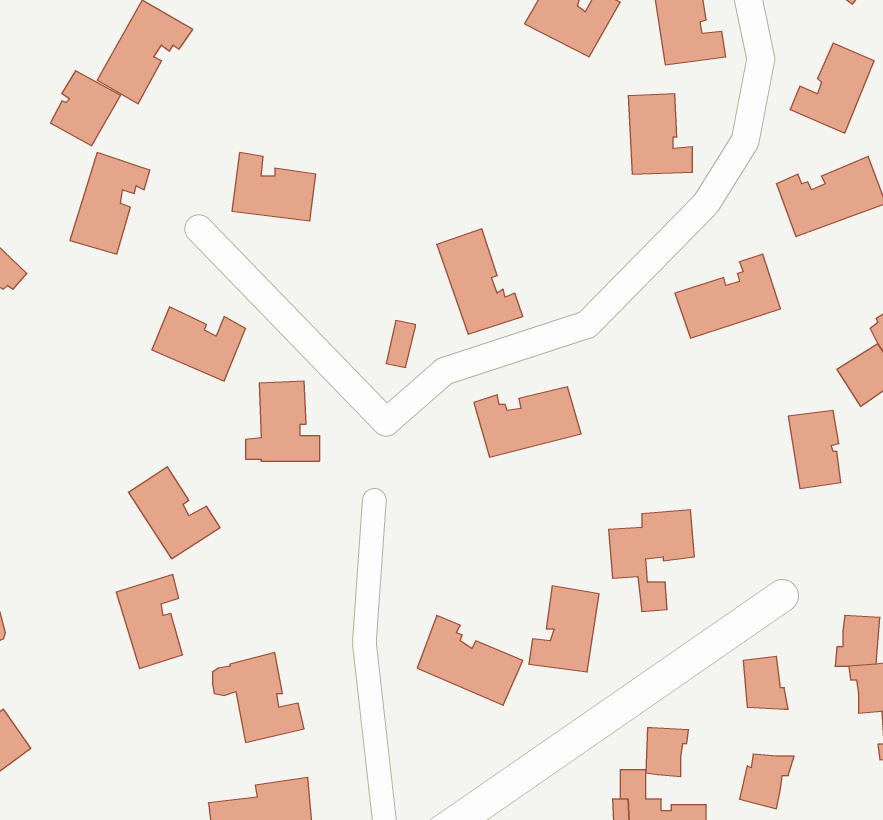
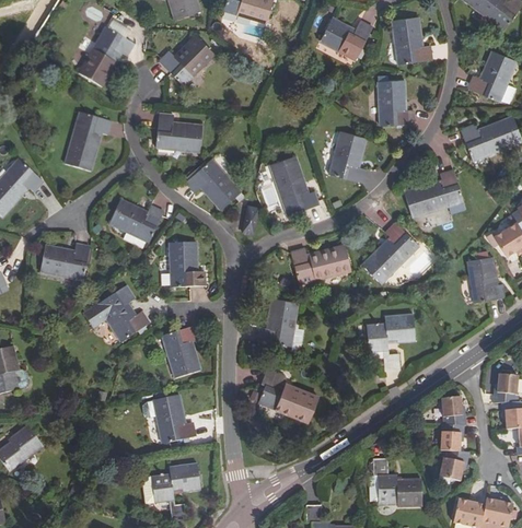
building: none -> [160,35,214,84]
building: [51,71,120,146] -> none
building: none -> [329,131,366,183]
building: none -> [187,159,242,209]
building: none -> [362,223,418,283]
building: none -> [40,244,91,279]
building: [116,575,183,668] -> [163,325,200,377]
building: [529,586,599,672] -> [258,297,298,345]
building: [646,728,689,777] -> [441,423,465,450]

